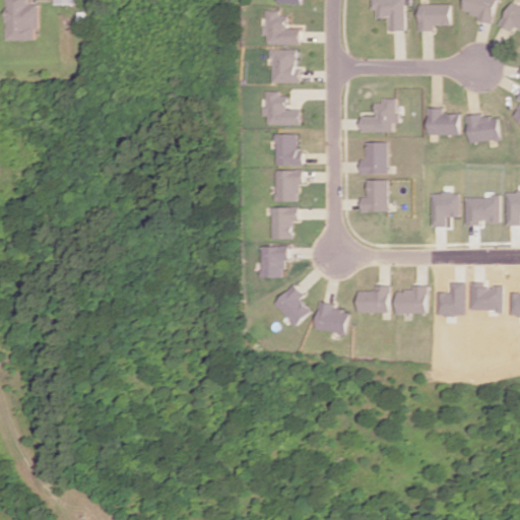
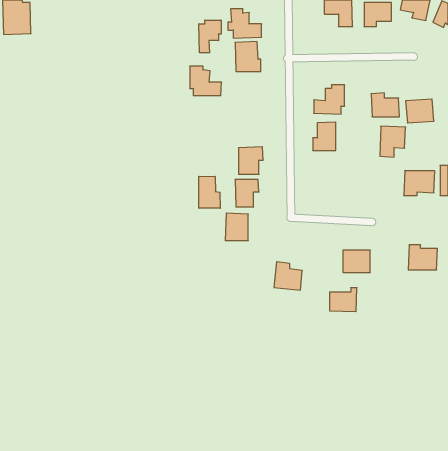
building: none -> [199,20,221,53]
building: [264,91,301,125] -> [190,66,222,96]
building: [274,133,303,166] -> none
building: [360,180,387,212] -> none
building: [430,192,459,228] -> [380,126,406,157]
building: none -> [199,176,220,208]
building: [436,282,465,316] -> none
building: [273,284,311,326] -> none
building: [356,285,388,313] -> [330,288,357,312]

